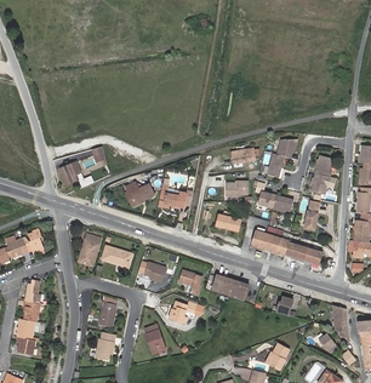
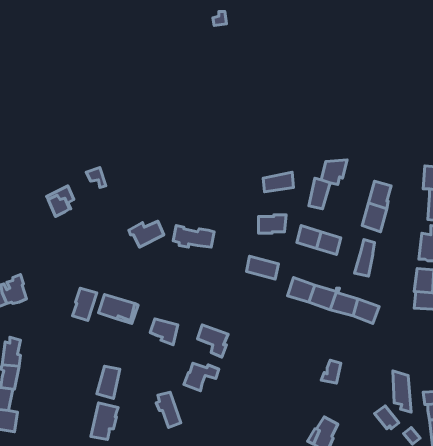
building: [211,275,247,302] -> none

